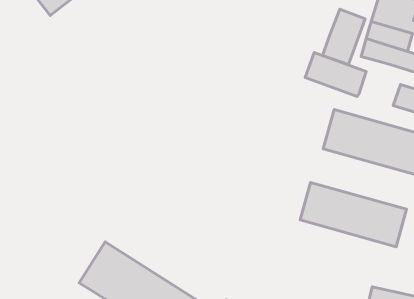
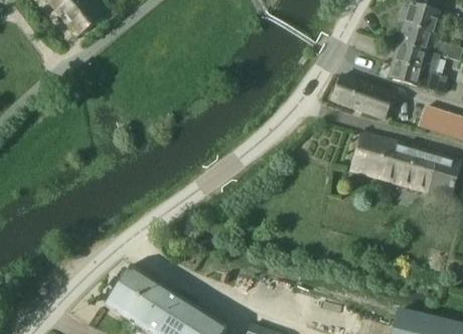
building: [322,9,365,65] -> none
building: [300,182,406,247] -> none

